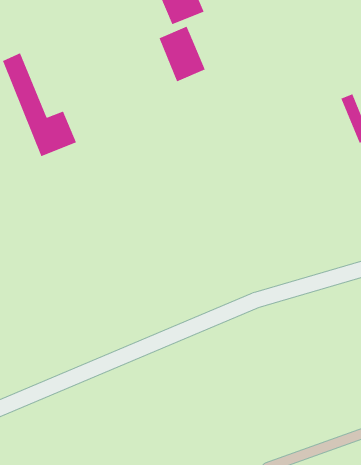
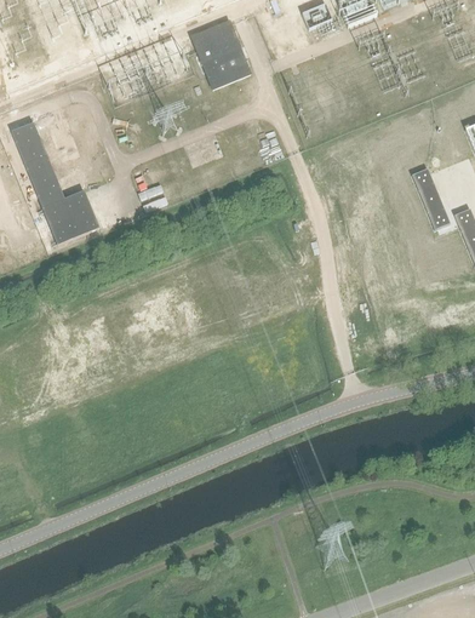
building: [158,26,205,82] -> none

